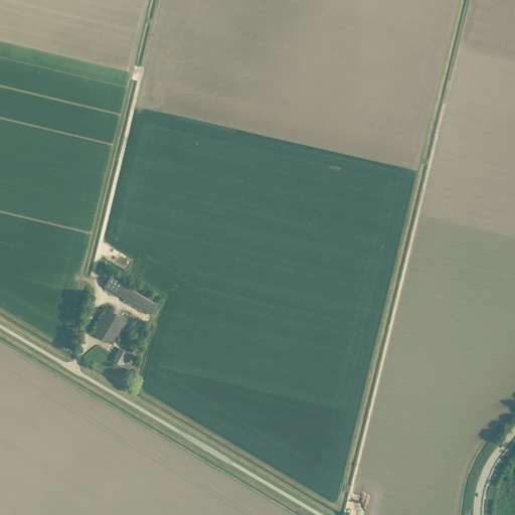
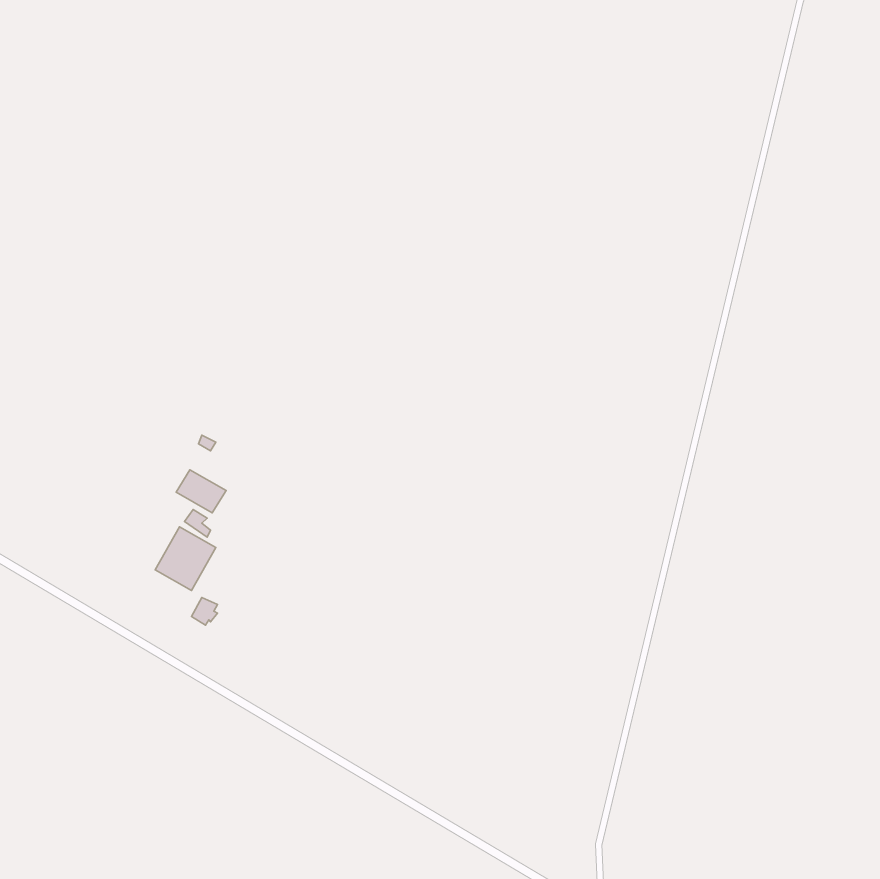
building: [124,288,158,316] -> none

